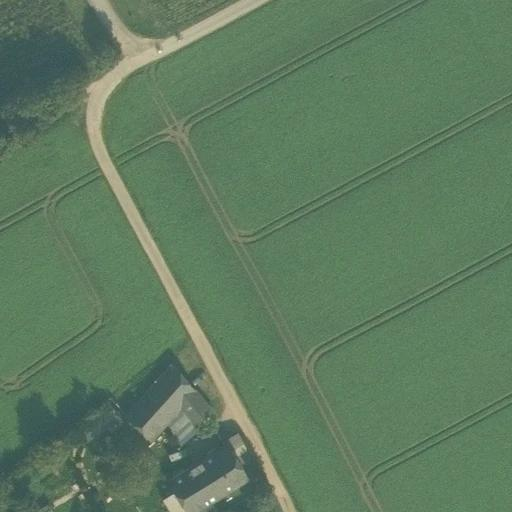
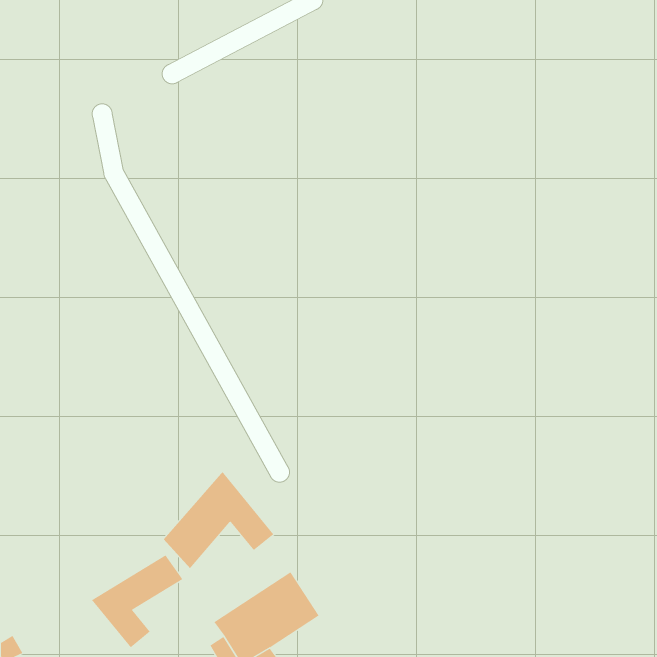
building: none -> [91,555,183,648]

